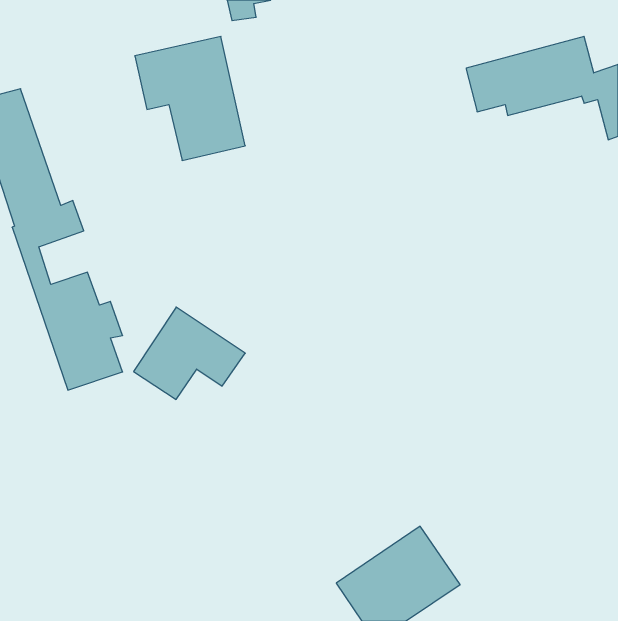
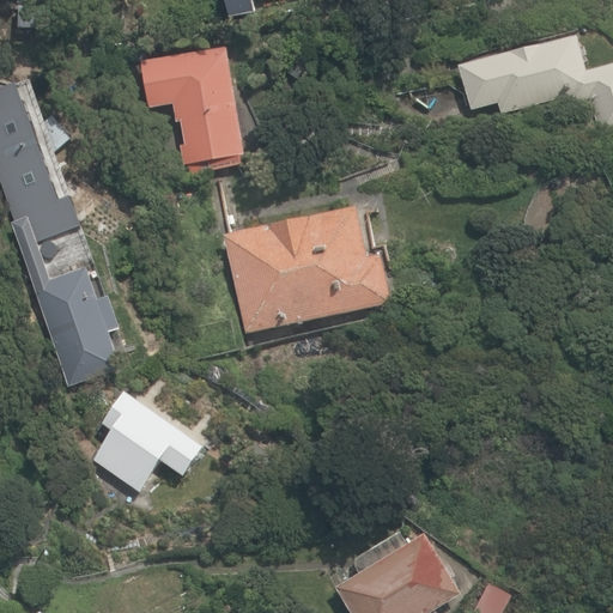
building: none -> [225,208,392,334]
building: [134,307,245,399] -> [93,396,204,487]

